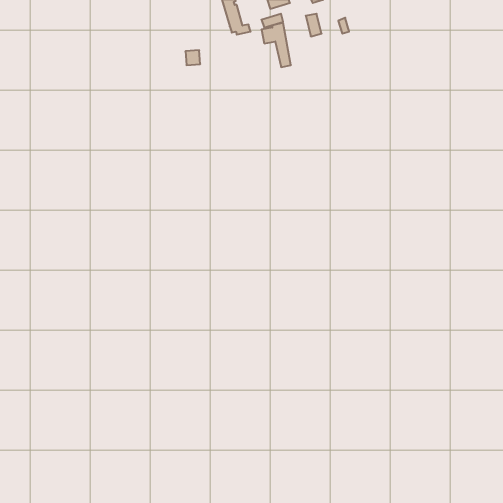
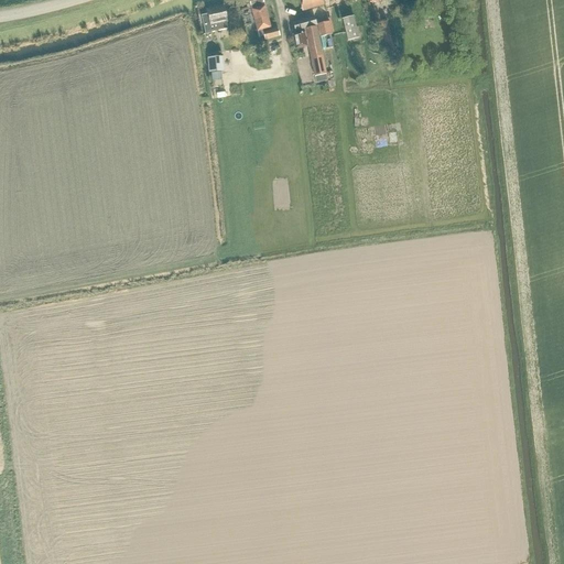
building: none -> [202,6,228,34]

